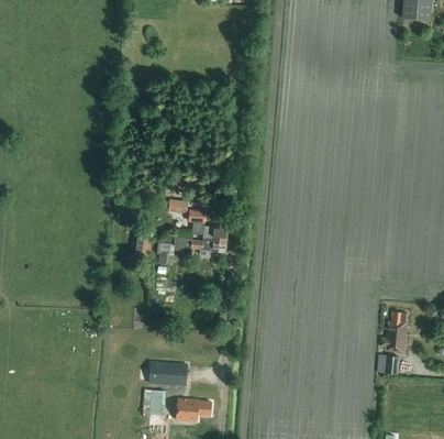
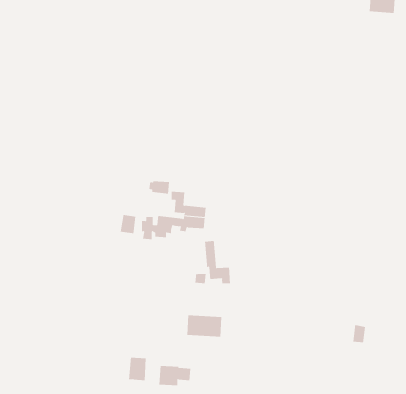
building: none -> [204,240,231,284]
building: [380,311,407,352] -> none
building: [148,361,187,385] -> [186,315,222,337]

